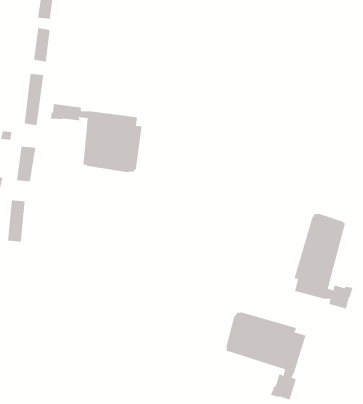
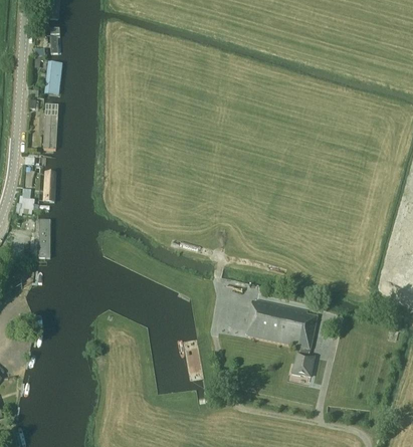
building: [50,103,143,173] -> none
building: [294,212,353,309] -> none

